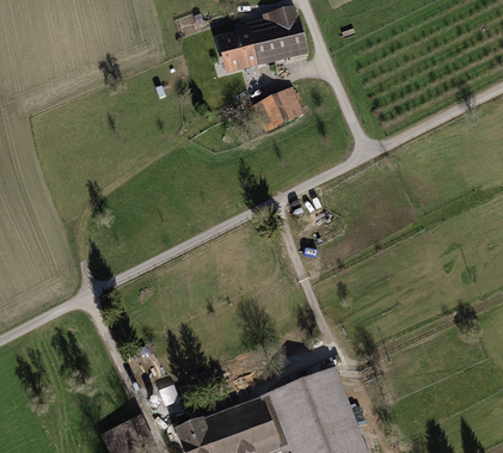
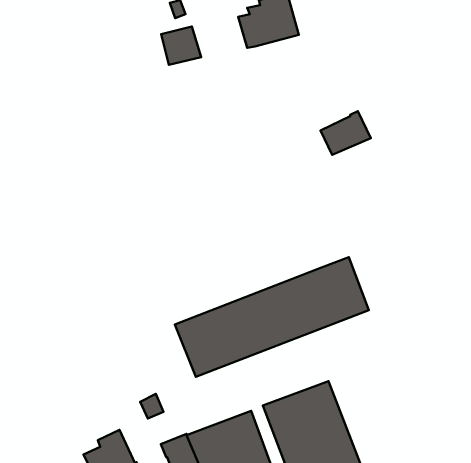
building: [220,30,257,66] -> [161,26,201,65]
building: [256,85,302,126] -> [320,111,371,155]
building: none -> [175,257,369,377]

